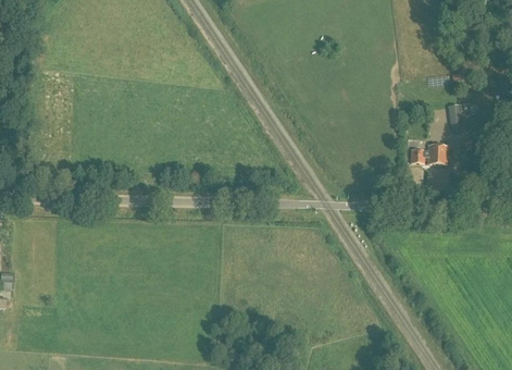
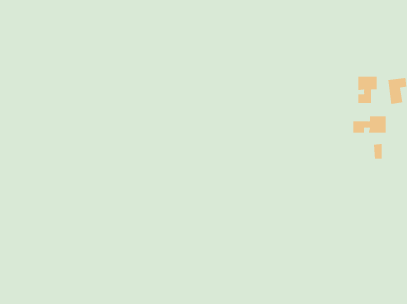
building: none -> [358,76,377,104]

